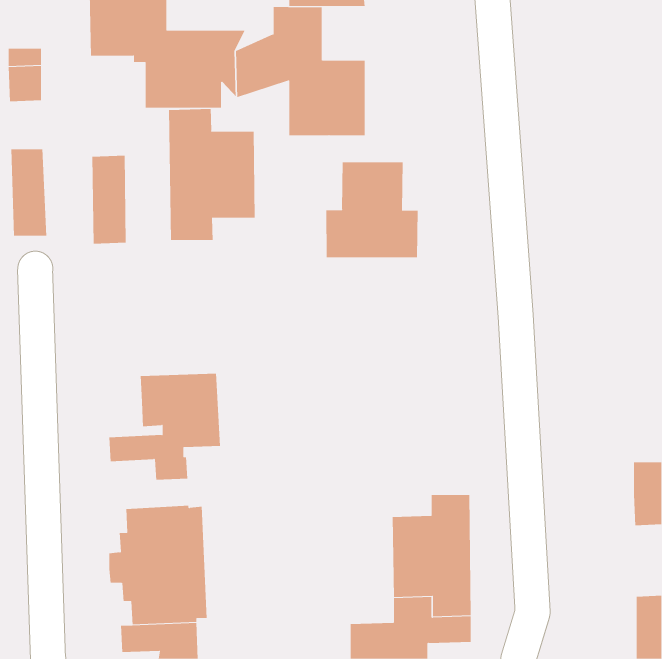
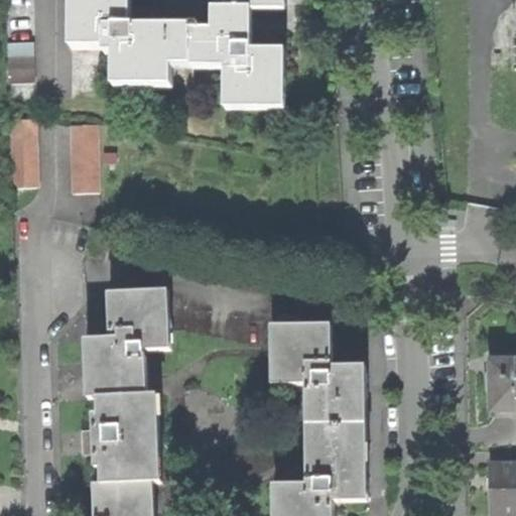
building: [169,108,255,241] -> none
building: [326,161,418,258] -> none
building: none -> [269,321,363,399]
building: none -> [85,355,146,393]

